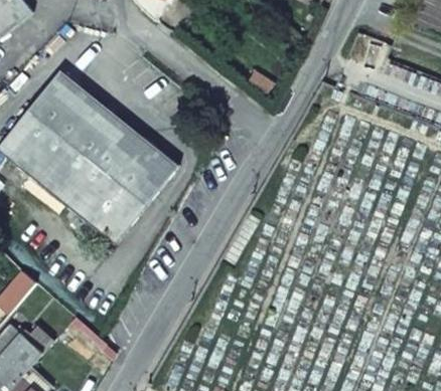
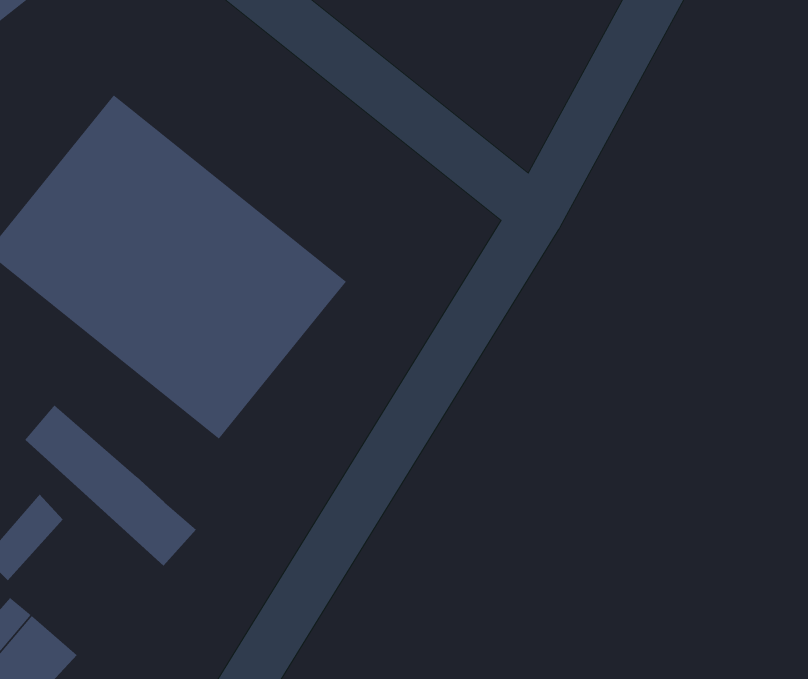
building: none -> [24,405,197,567]

